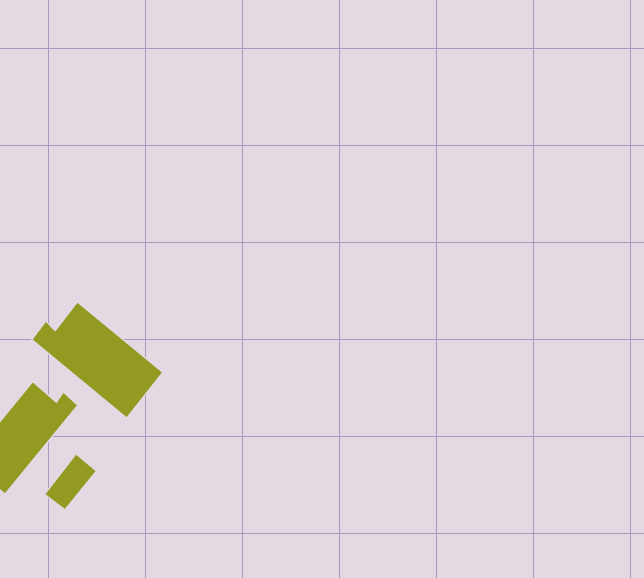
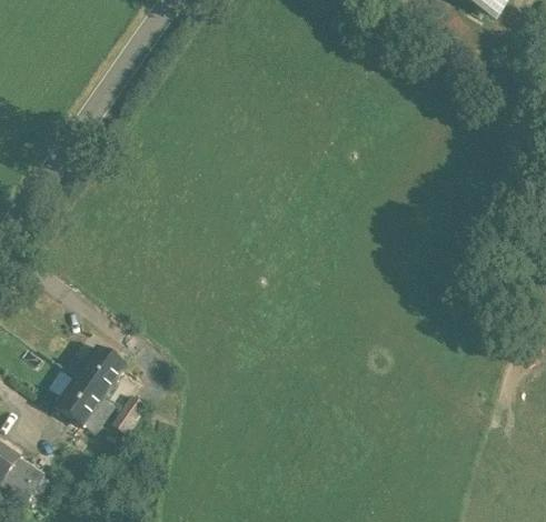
building: [32,302,163,418] -> none

